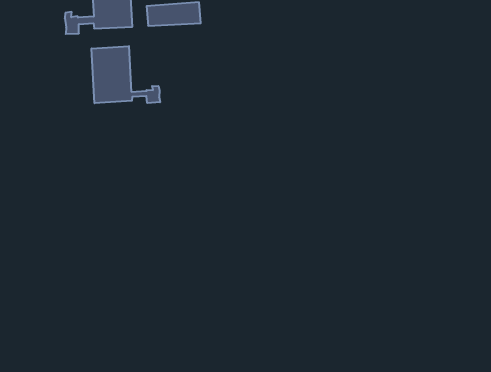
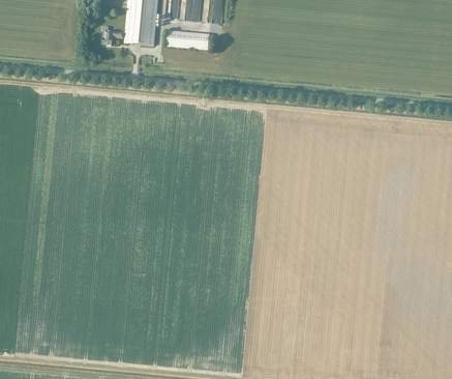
building: [92,46,160,103] -> none

